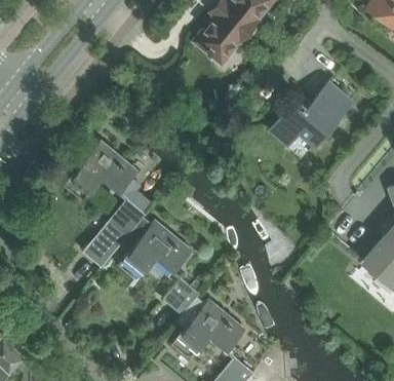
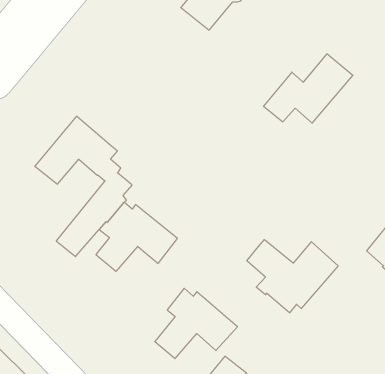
building: none -> [247,240,338,313]
building: [163,277,201,315] -> none

